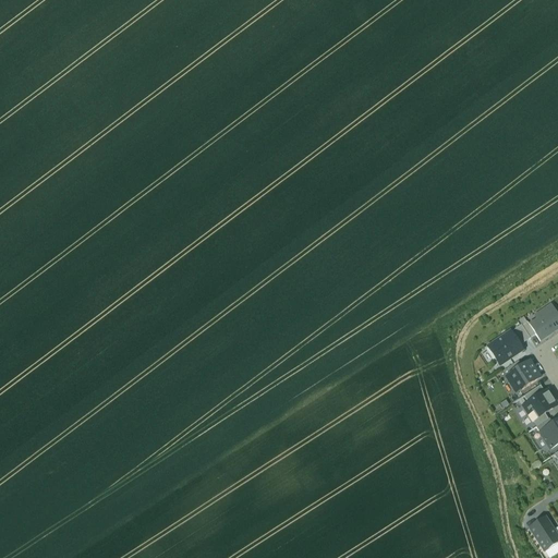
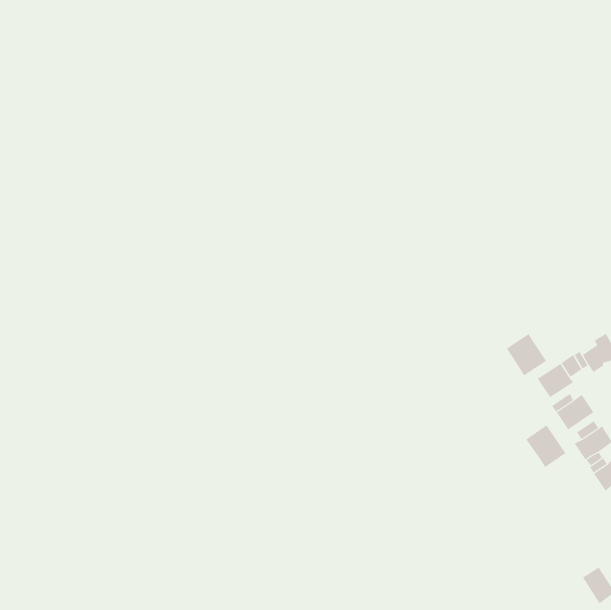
building: none -> [506,333,547,376]
building: none -> [526,424,566,468]

